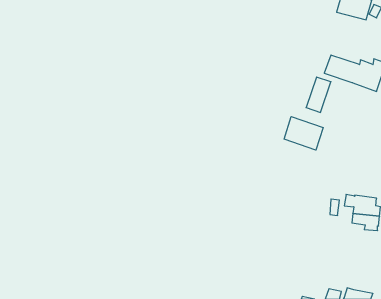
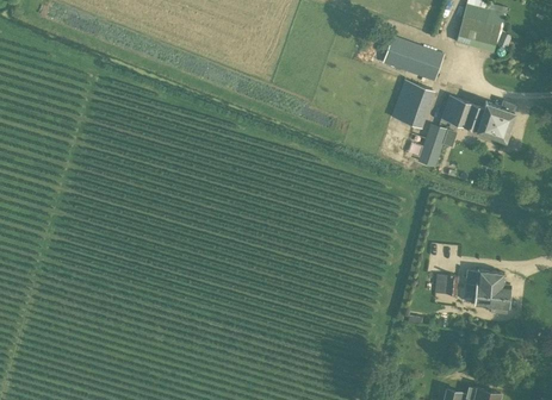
building: none -> [382,35,445,81]
building: none -> [390,79,434,126]
building: [284,117,323,150] -> none

